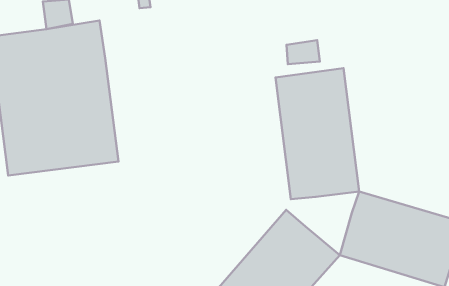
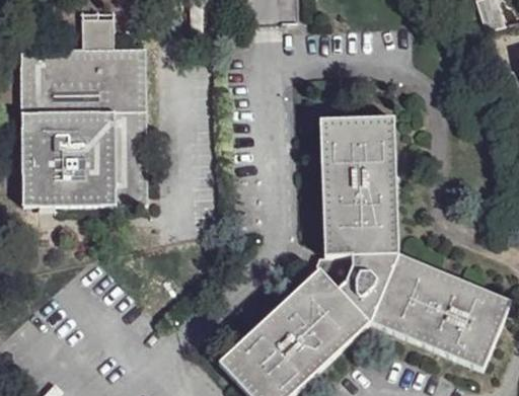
building: [286,40,320,64] -> none
building: none -> [339,254,400,321]

